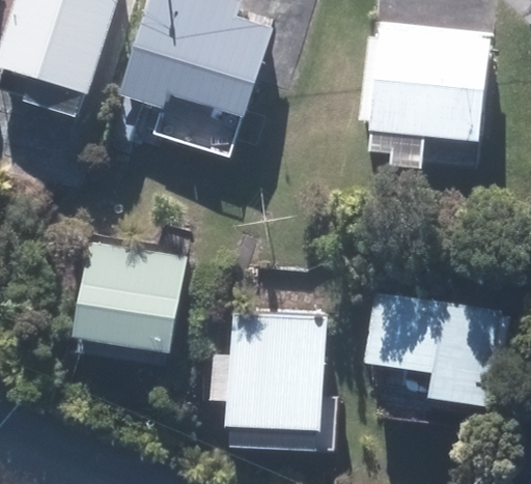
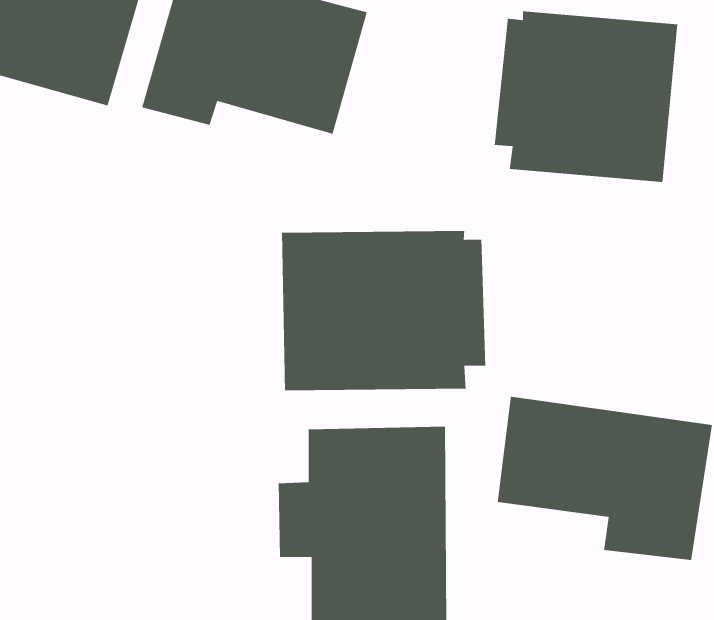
building: none -> [281,230,486,391]
building: [76,240,185,354] -> none

